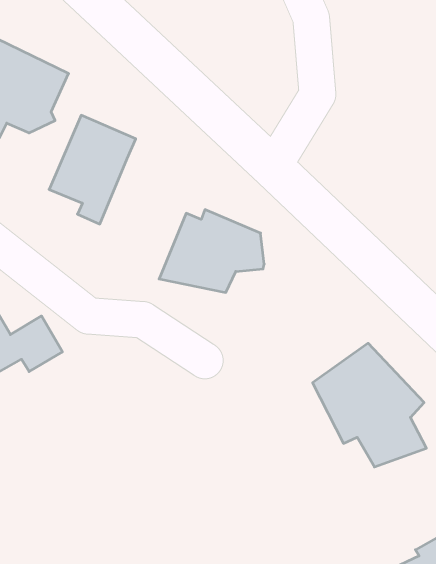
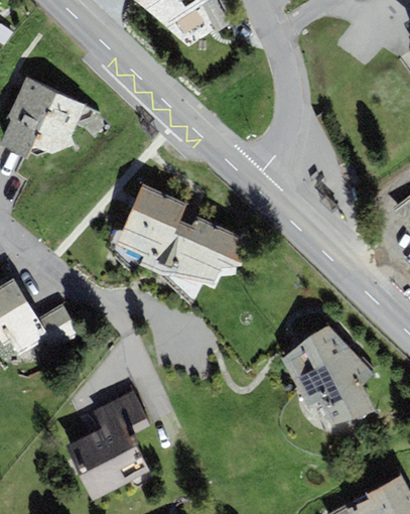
building: [49,115,136,224] -> [117,184,187,273]
building: none -> [66,391,151,499]

